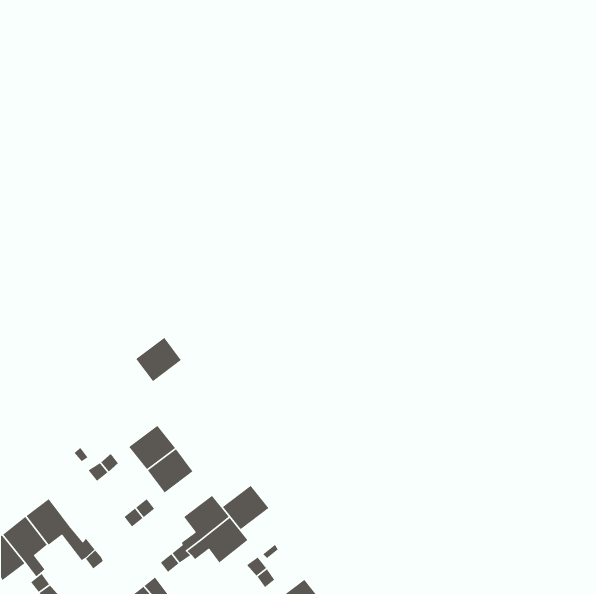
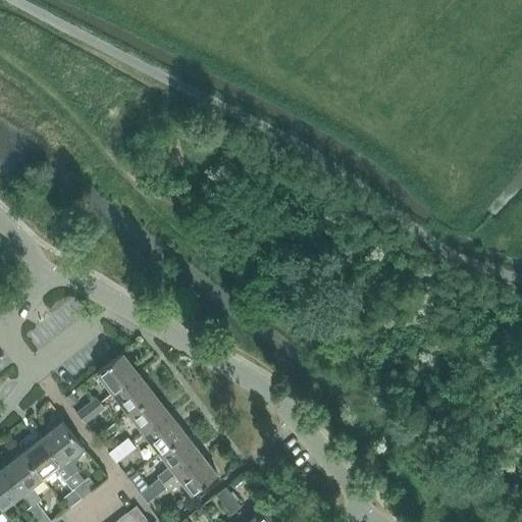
building: [135,337,182,382] -> [97,353,138,393]
building: none -> [43,421,86,475]
building: [222,485,270,530] -> [144,414,186,454]

